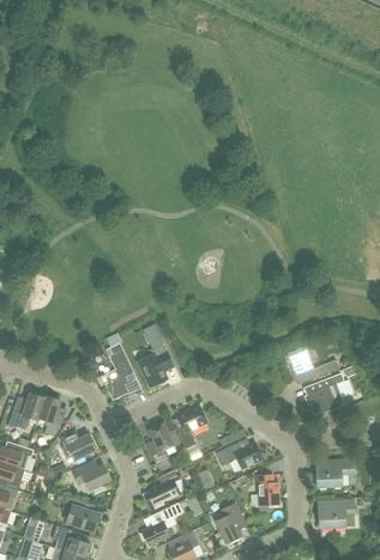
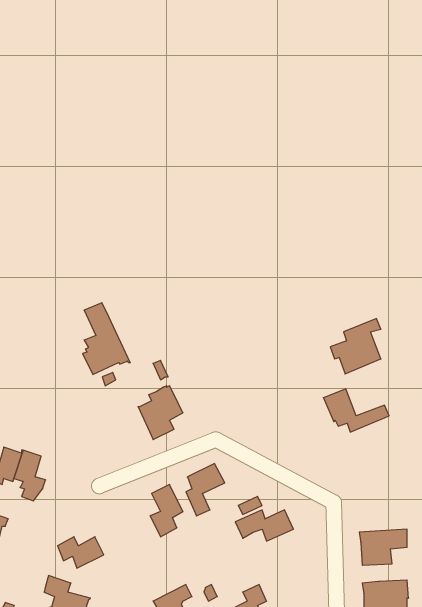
building: [104,342,143,400] -> [83,303,130,374]
building: [303,372,344,416] -> [330,319,381,374]
building: [60,431,96,462] -> none
building: [145,469,180,510] -> none
building: [257,474,279,505] -> none

